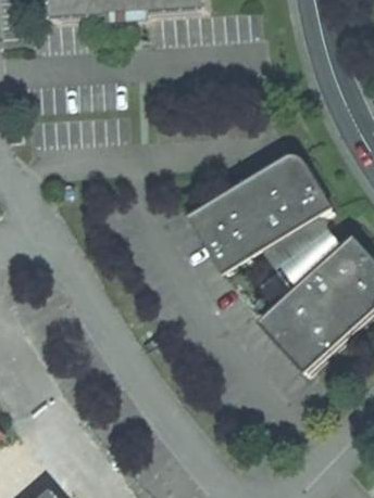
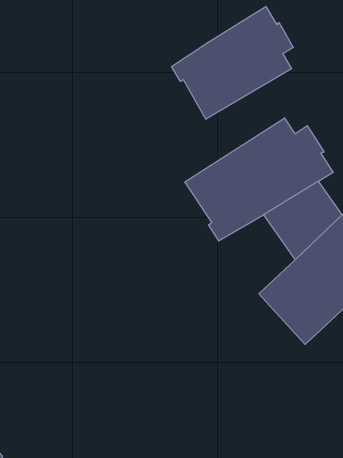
building: none -> [172,6,293,119]

